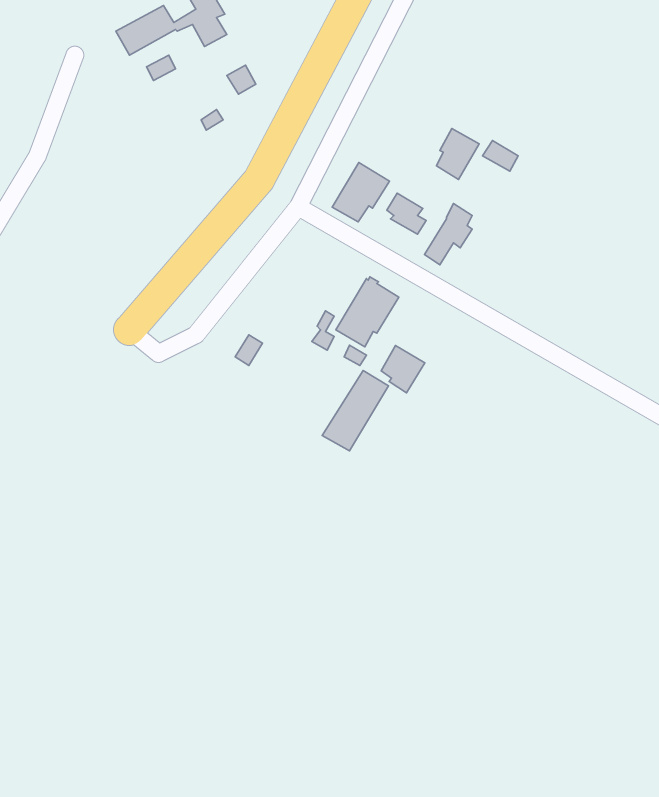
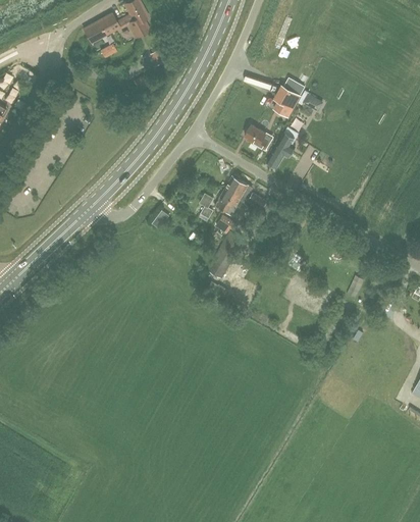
building: [332,163,389,222] -> none
building: [381,345,425,393] -> none

